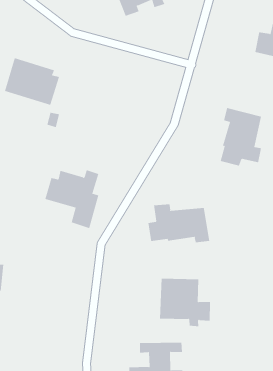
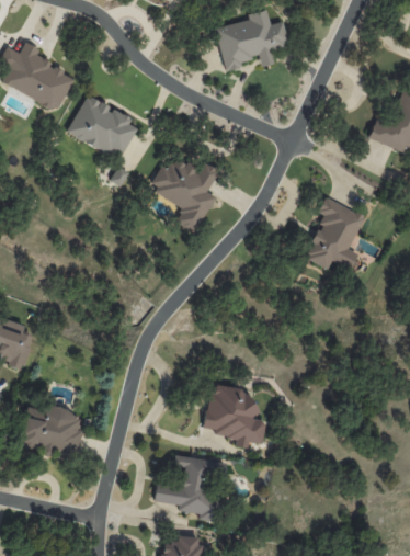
building: [44,169,99,229] -> [149,158,218,232]
building: [148,204,210,243] -> none
building: none -> [18,402,82,459]

